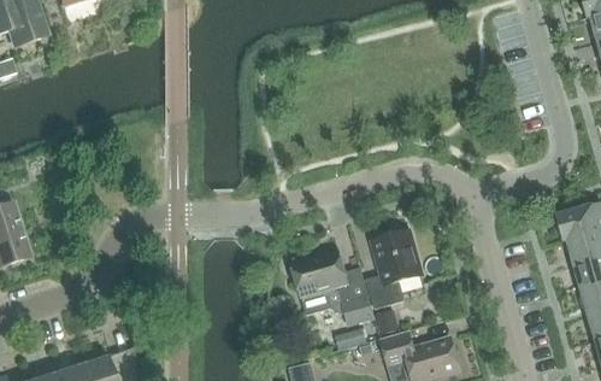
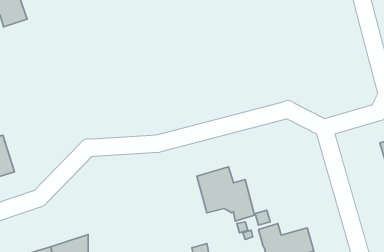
building: [366,229,422,307] -> none

